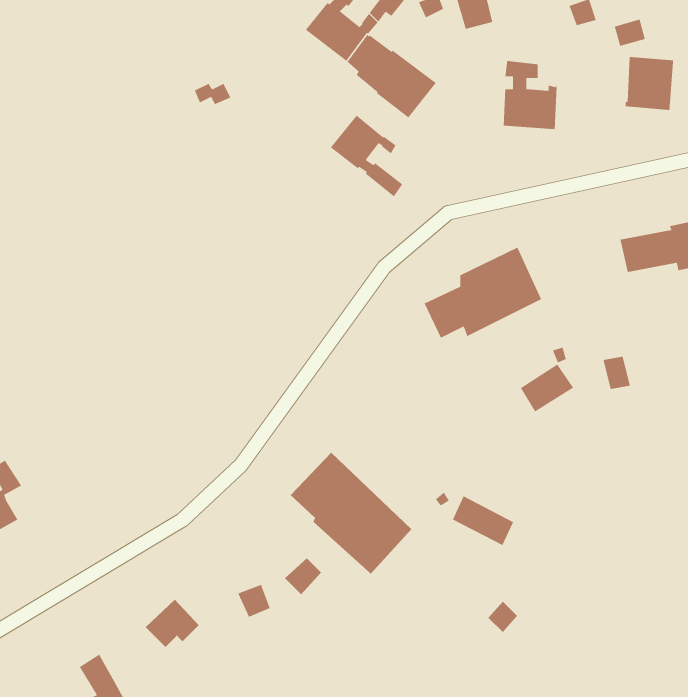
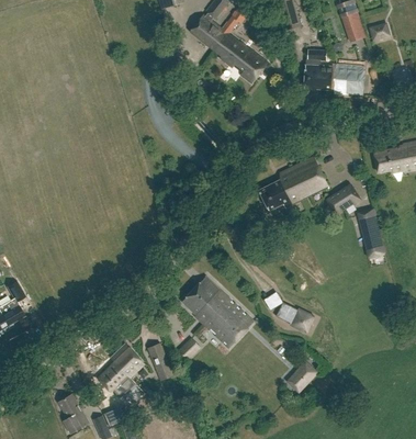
building: [625,56,674,111] -> [336,61,364,93]
building: [330,114,403,198] -> none
building: [520,363,574,412] -> [328,184,360,213]
building: none -> [111,342,145,376]

